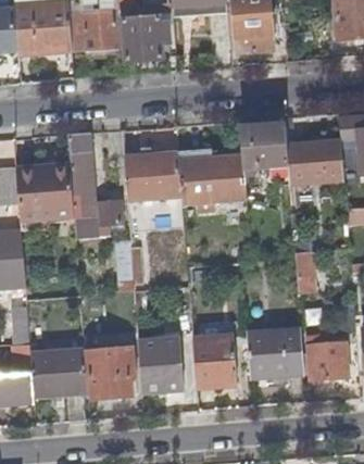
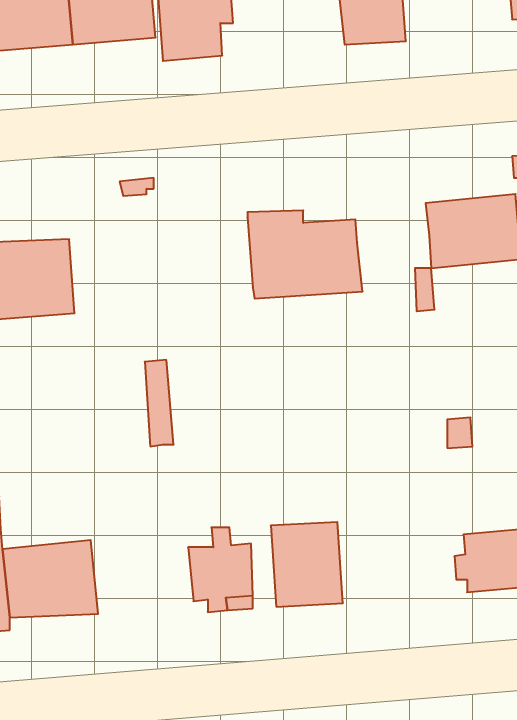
building: [241,124,288,170] -> none
building: [68,133,122,239] -> none
building: [124,154,181,200] -> none
building: [247,329,304,378] -> none
building: [88,350,135,398] -> none

